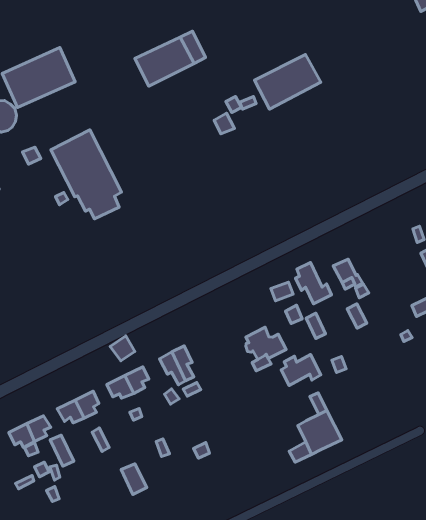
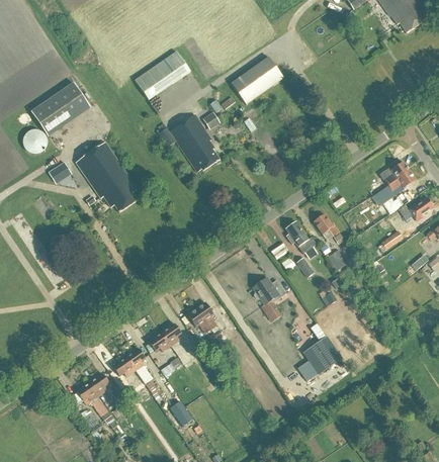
building: none -> [158,114,218,171]
building: [281,354,321,386] -> none

